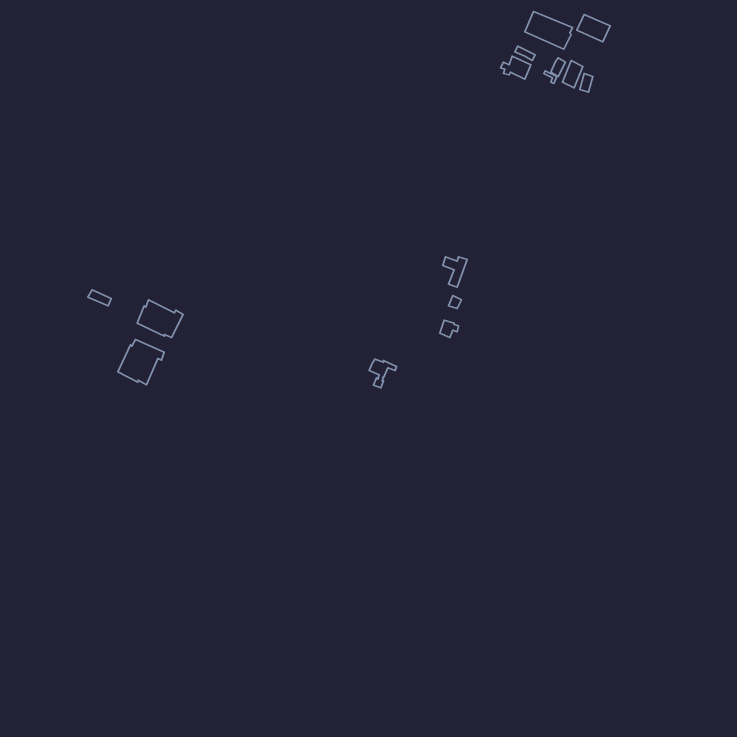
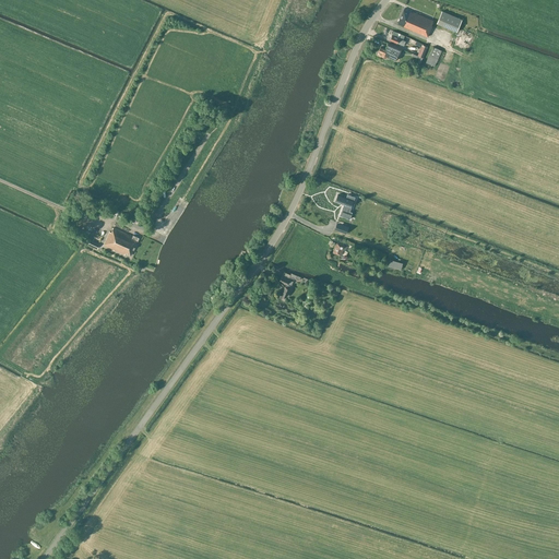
building: [118,339,164,385] -> none

